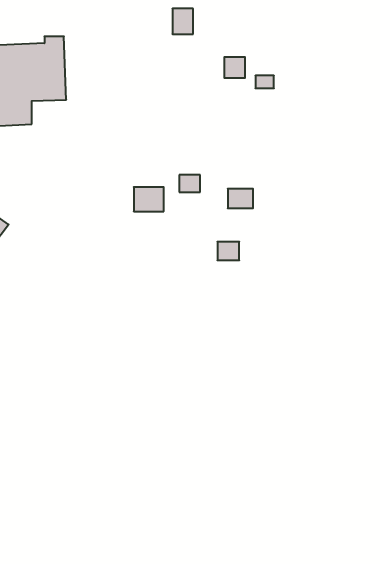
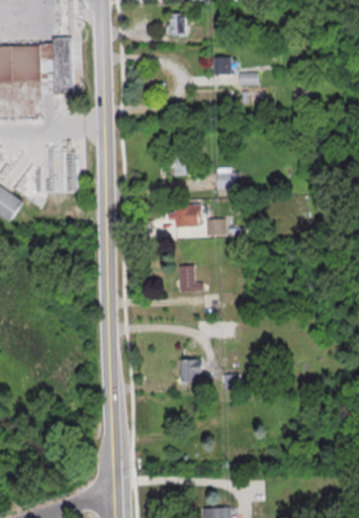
building: [134,187,164,211] -> [175,204,201,226]
building: none -> [176,264,200,291]
building: none -> [180,359,202,382]

